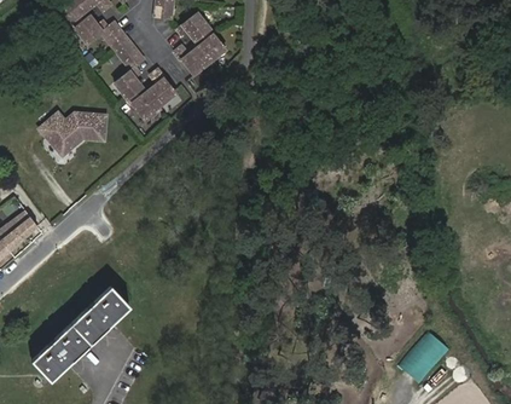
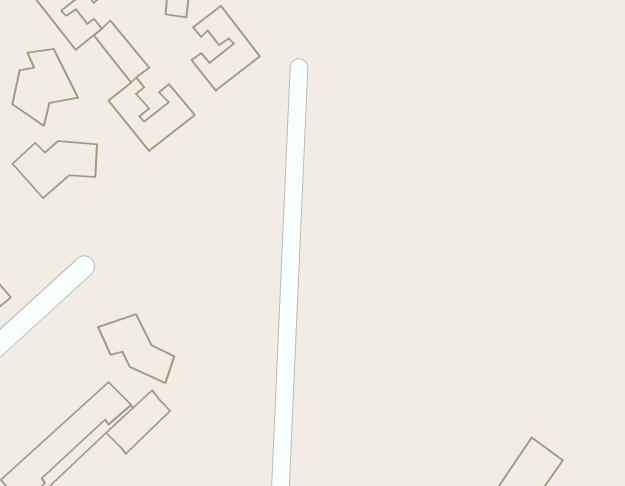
building: none -> [13,49,78,126]
building: none -> [98,314,174,383]
building: none -> [106,390,170,454]

